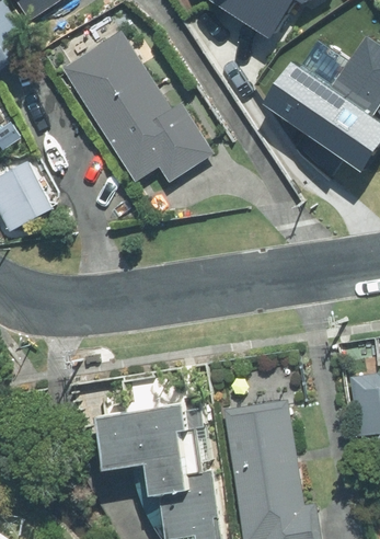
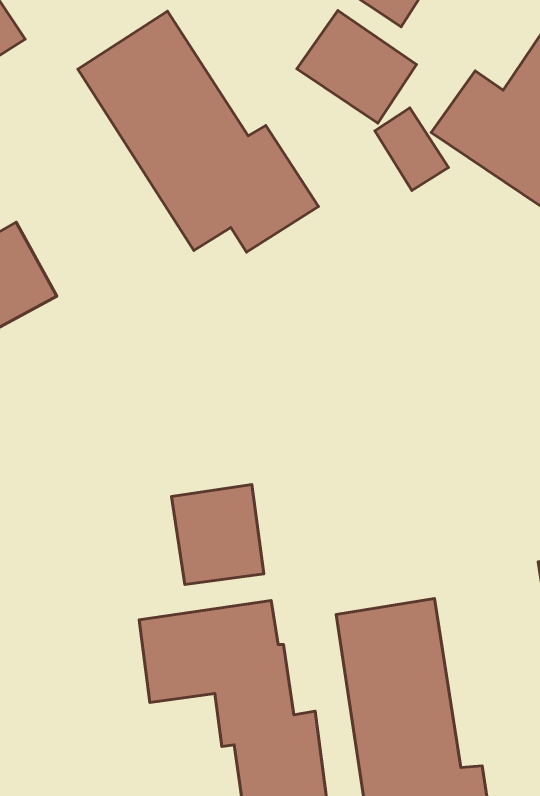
building: none -> [297,11,417,123]
building: none -> [172,485,264,584]

